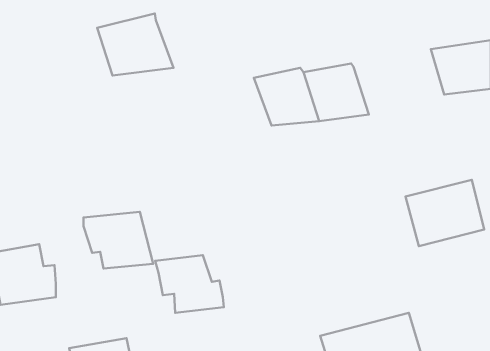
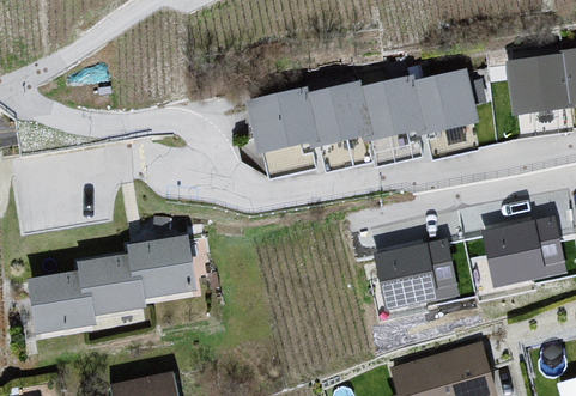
building: [97,13,174,75] -> [249,85,332,152]
building: none -> [420,68,487,132]
building: none -> [366,229,450,297]
building: [155,255,224,313] -> [77,252,151,315]

